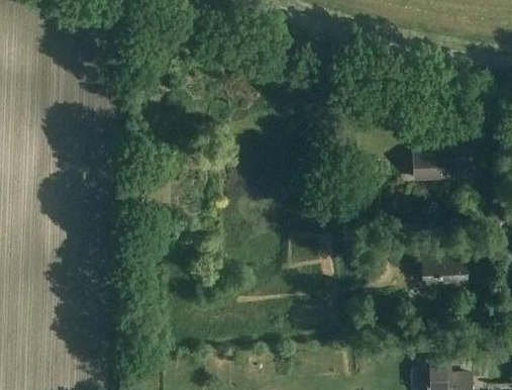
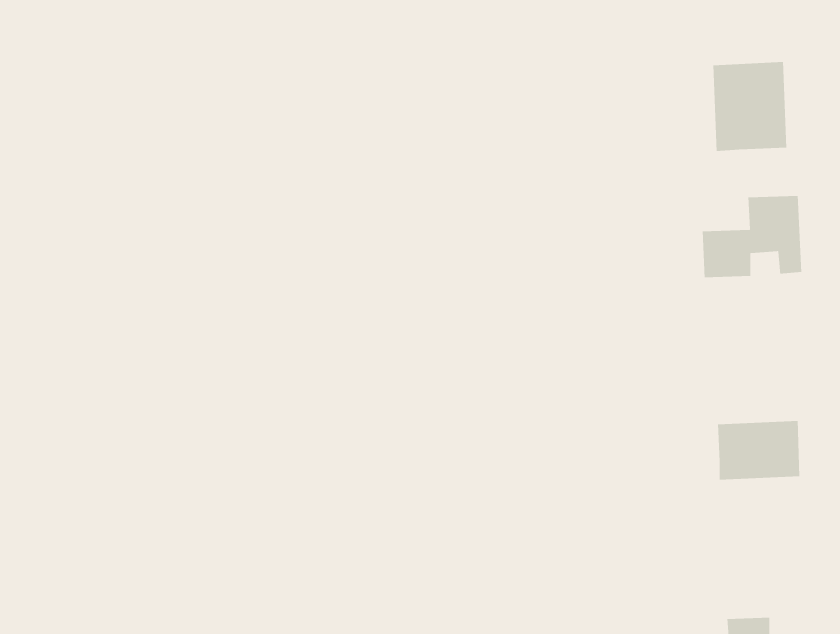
building: none -> [712,61,787,152]

